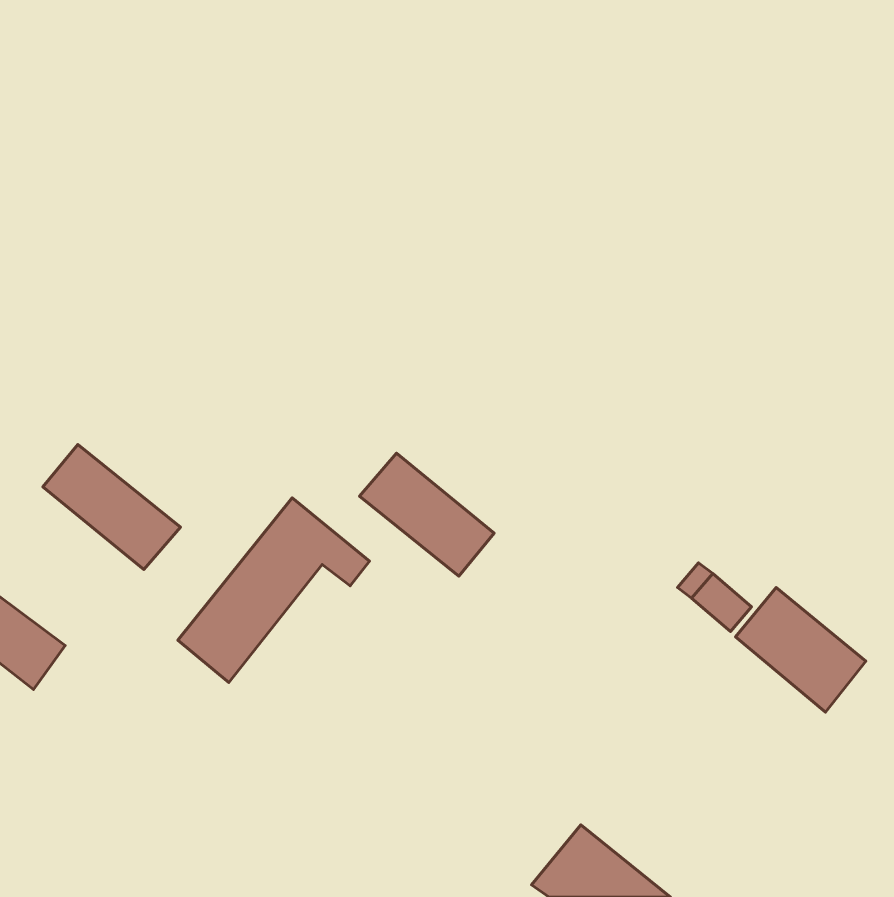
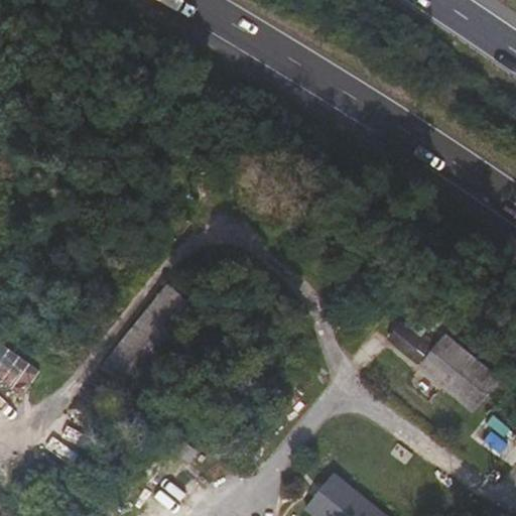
building: [43,445,180,569] -> none
building: [359,453,494,576] -> none

